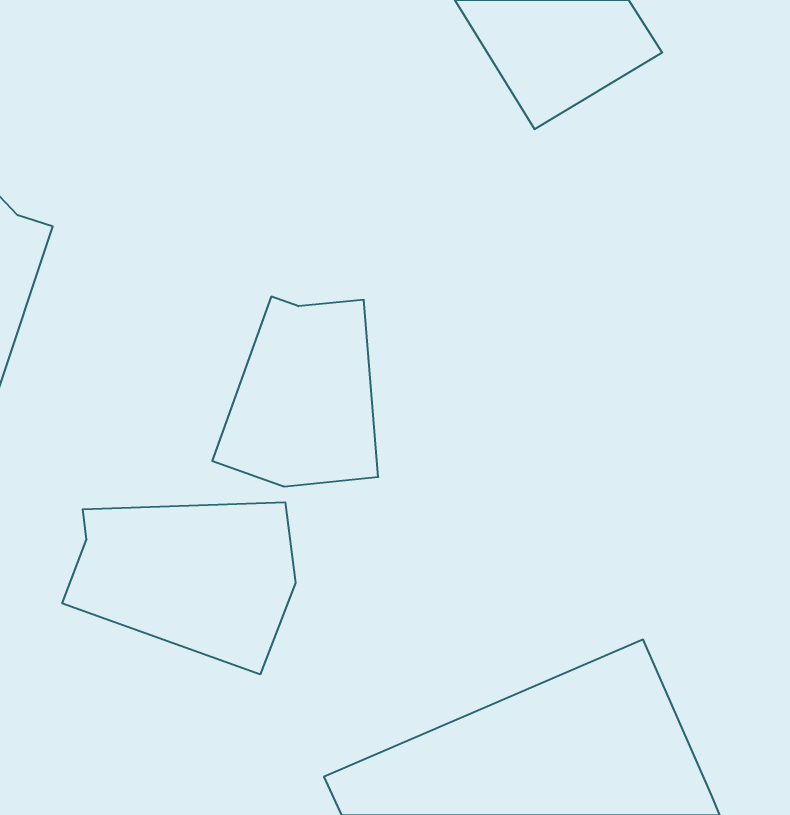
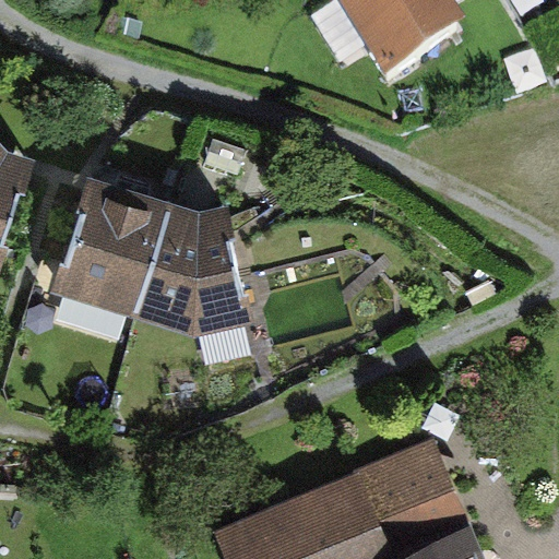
building: none -> [57,171,186,316]
building: [62,502,296,674] -> none

